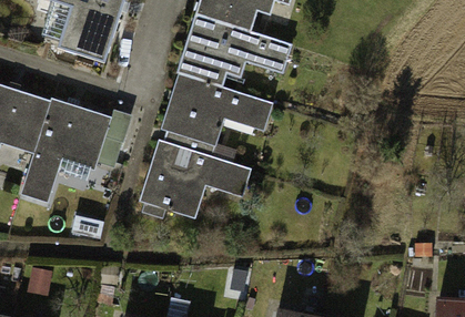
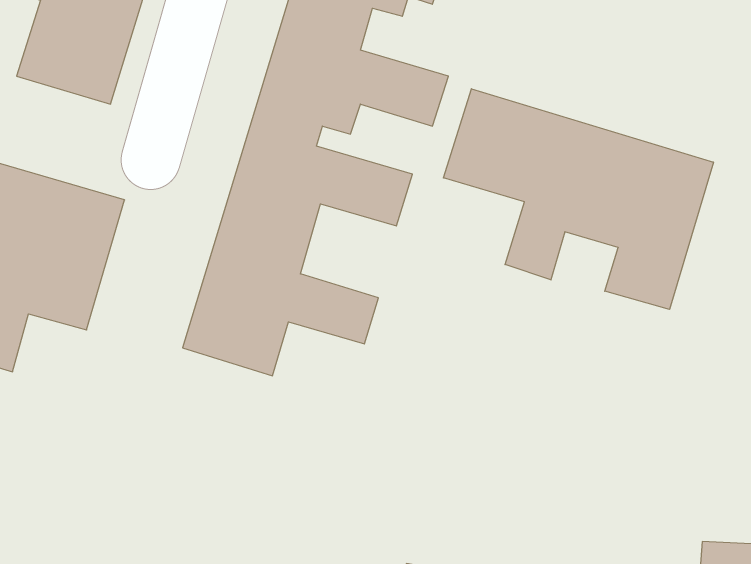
building: none -> [443,89,713,309]

